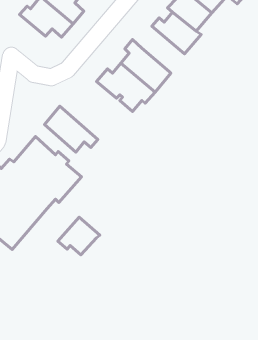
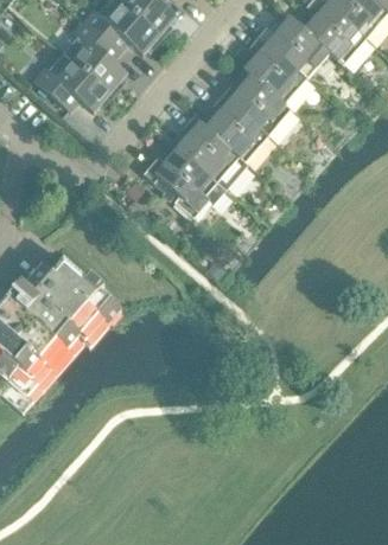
building: none -> [206,95,267,159]
building: [45,106,98,152] -> none
building: [58,217,100,255] -> none

